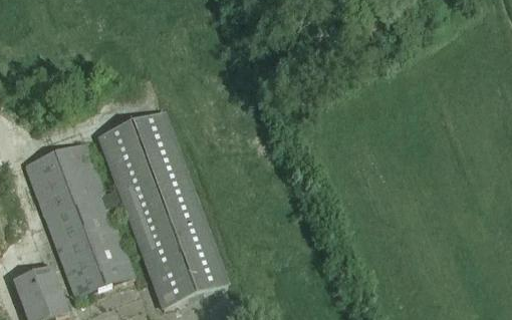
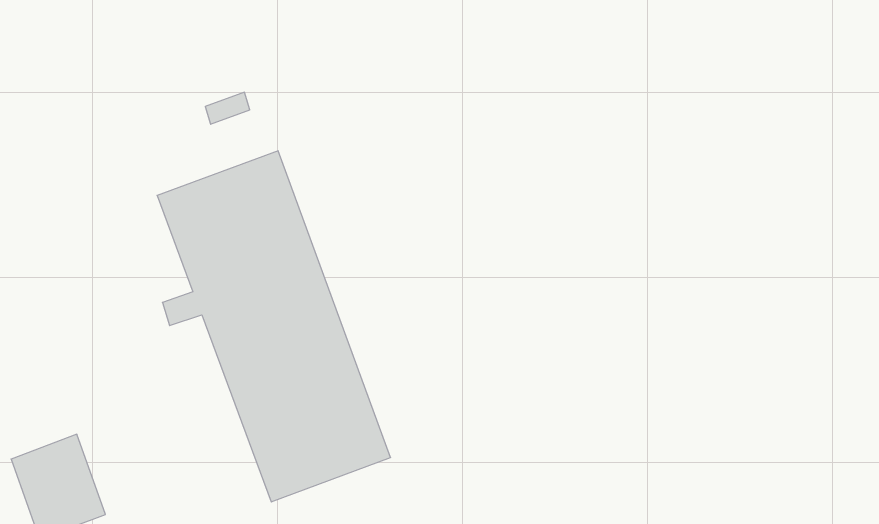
building: [26,142,131,297] -> none

